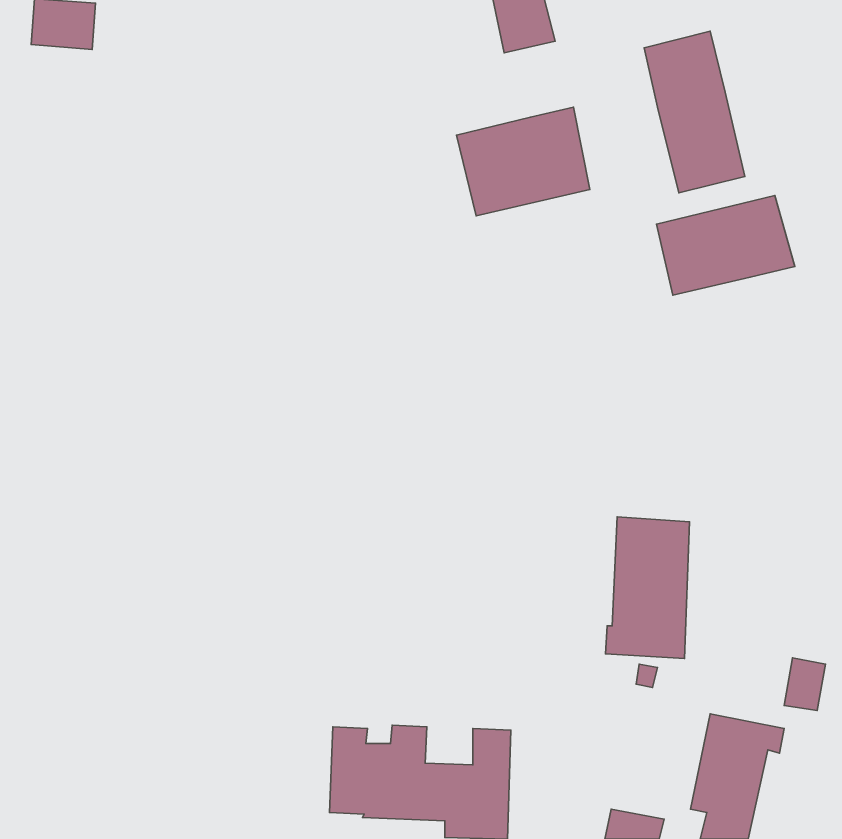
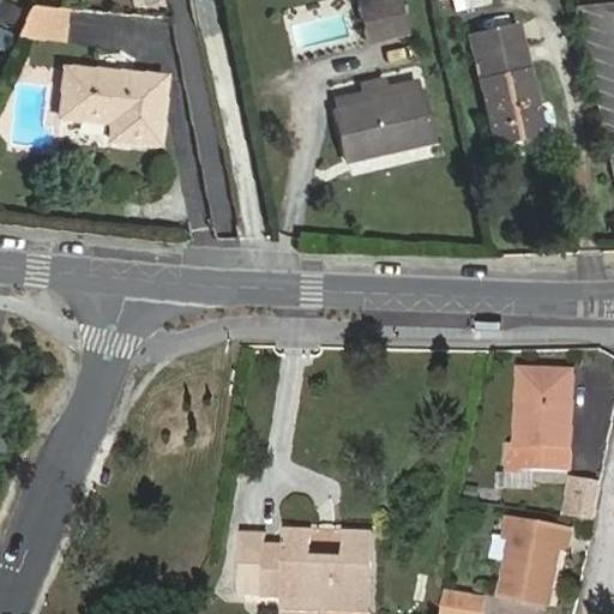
building: none -> [59,66,163,140]
building: [657,196,795,295] -> none
building: [605,517,690,659] -> [511,367,572,470]

